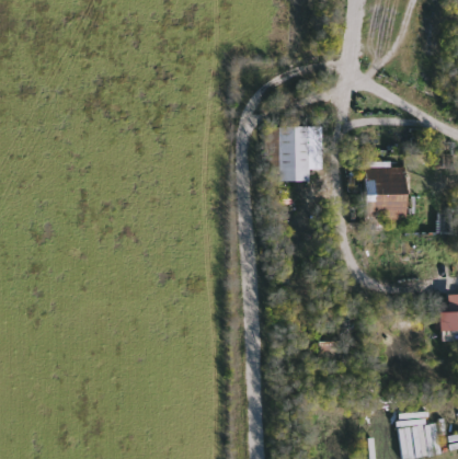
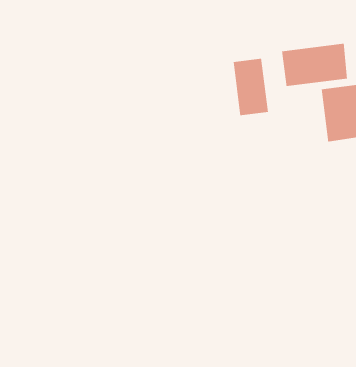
building: none -> [282,43,348,87]

